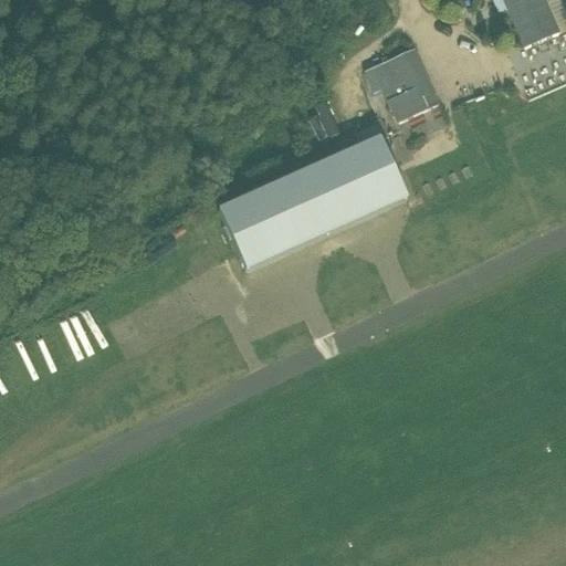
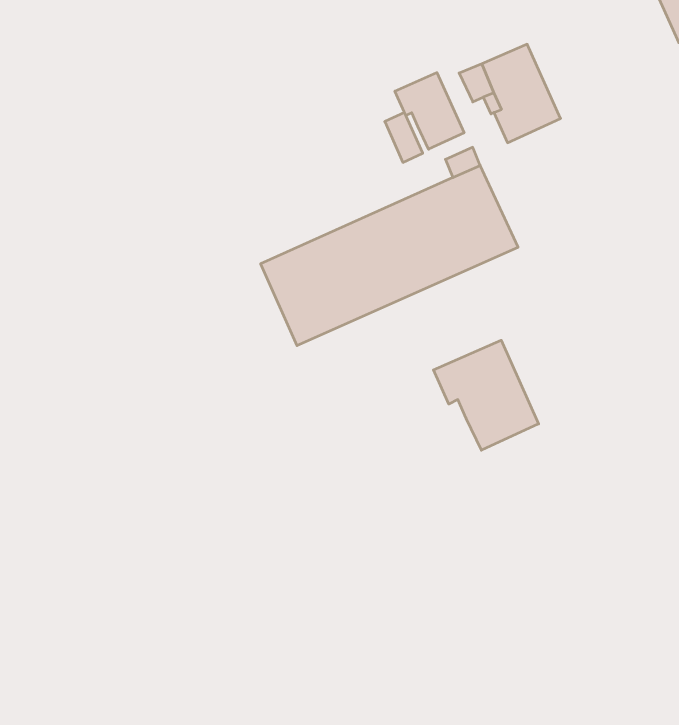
building: none -> [395,73,464,149]
building: none -> [433,340,539,450]

